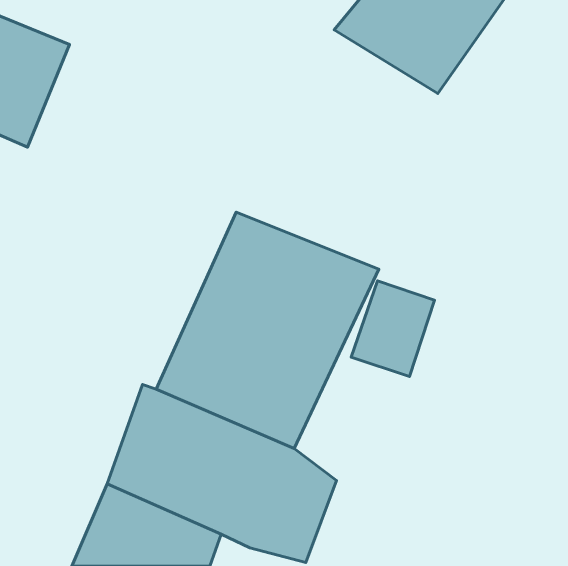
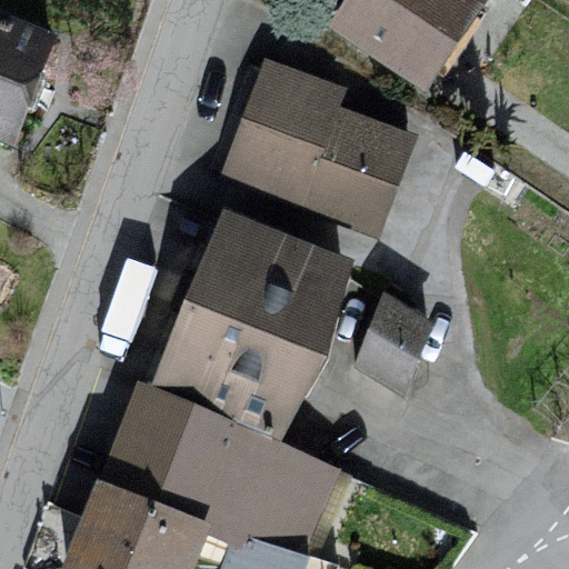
building: none -> [212,53,412,237]

